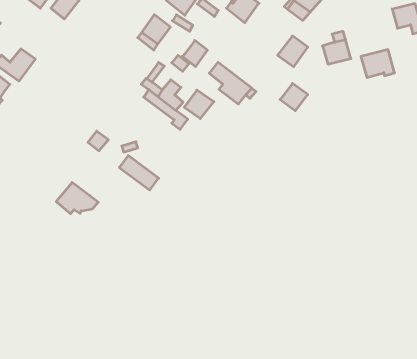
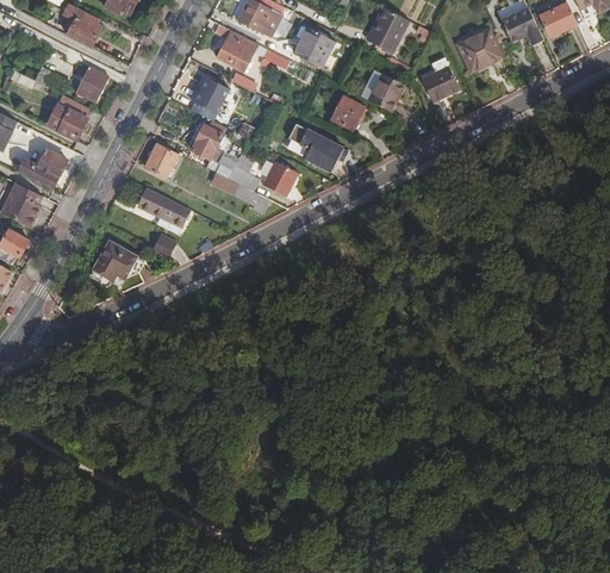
building: none -> [57,107,87,138]
building: [182,40,207,66] -> [191,125,220,157]
building: [361,50,395,78] -> [456,29,502,68]
building: none -> [144,142,178,176]
building: [280,83,308,111] -> [330,95,363,129]
building: [119,156,159,190] -> [138,186,189,224]
building: [56,182,98,214] -> [92,241,144,280]

